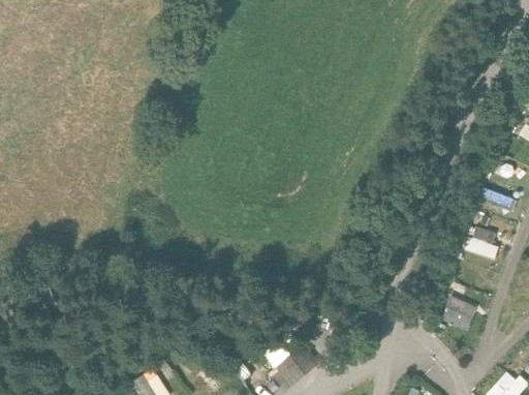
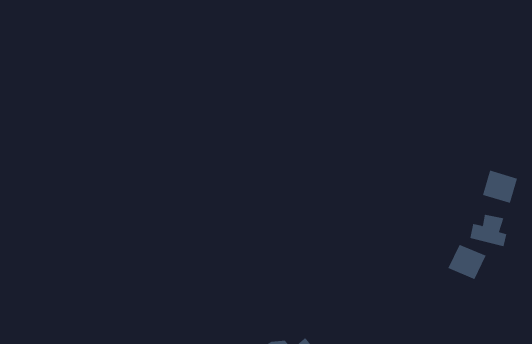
building: [440,296,478,331] -> [448,244,486,280]

